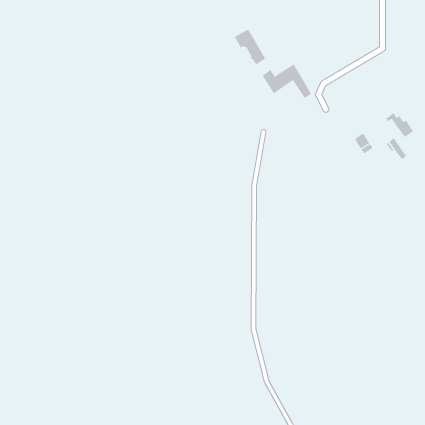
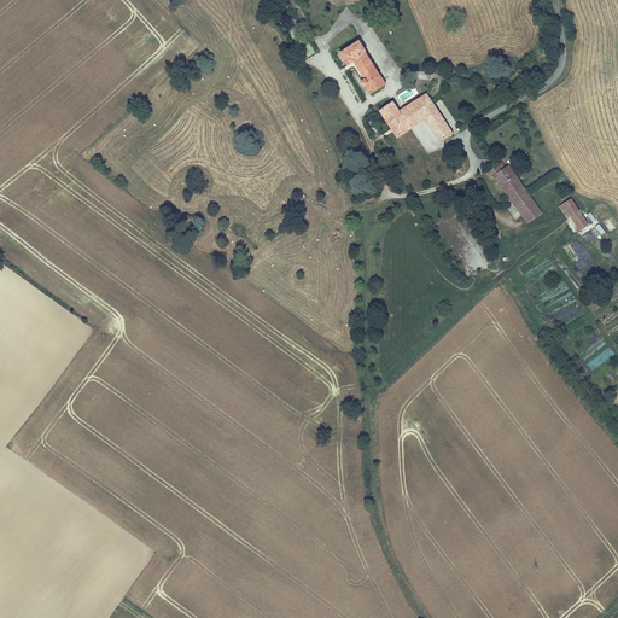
building: [385,112,414,138] -> [485,164,526,202]

